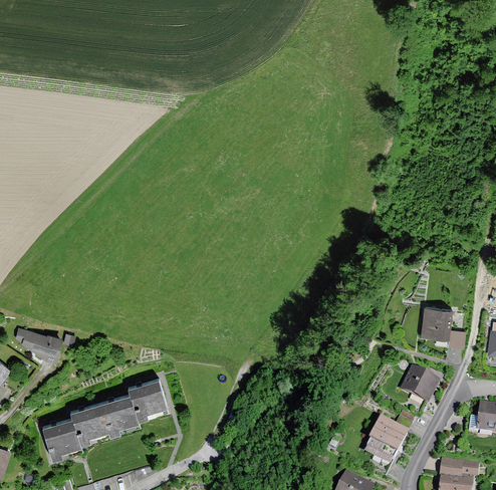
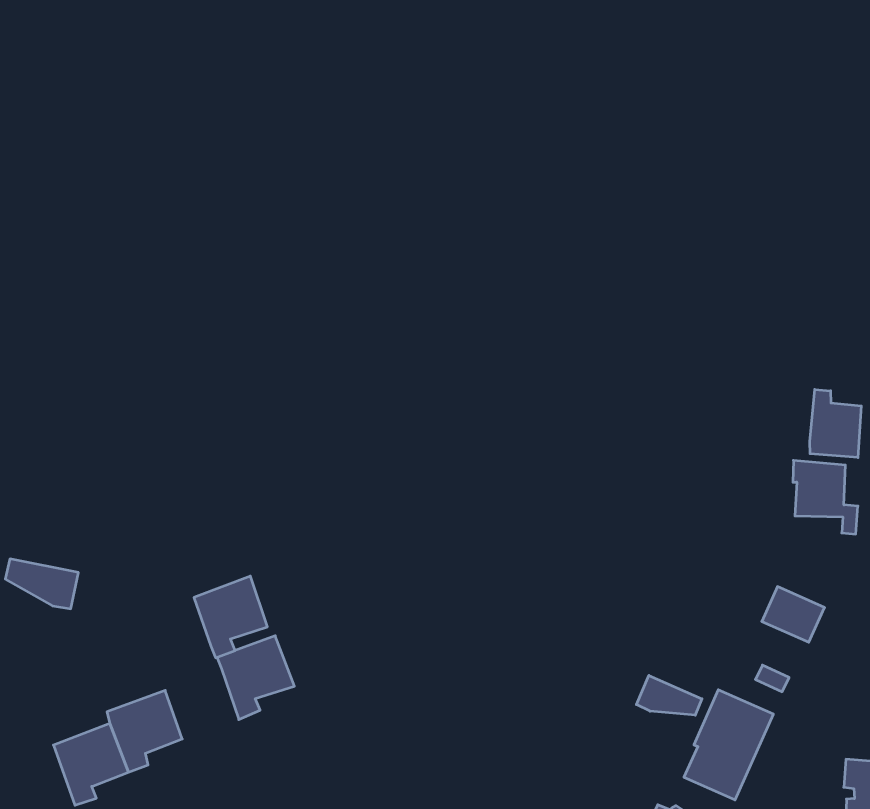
building: none -> [810,389,861,458]
building: [100,394,137,434] -> [194,576,267,658]
building: none -> [636,675,702,715]

